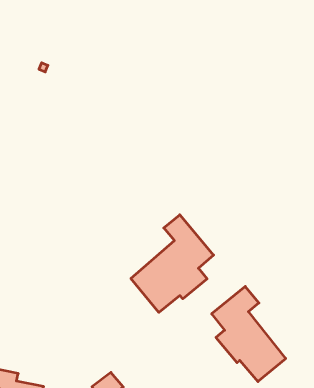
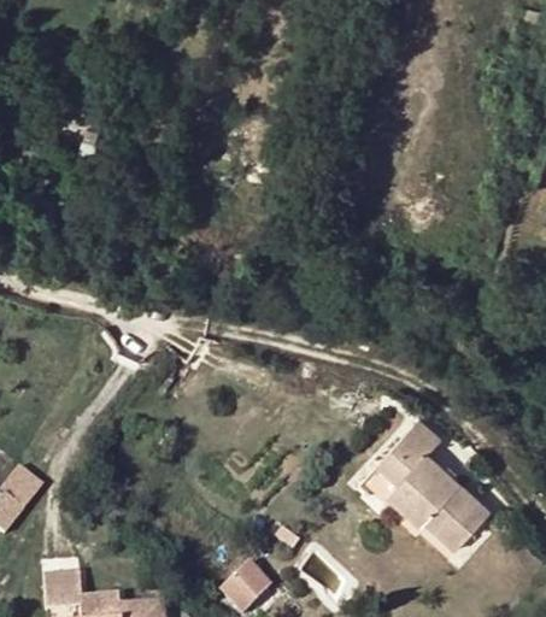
building: [131,215,214,312] -> none

